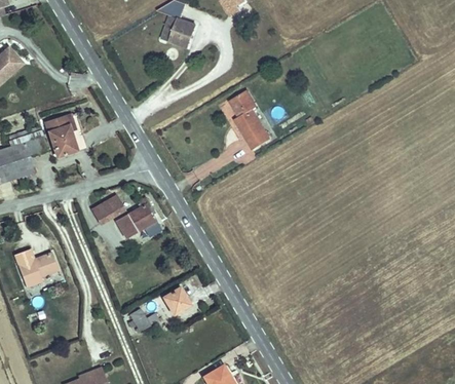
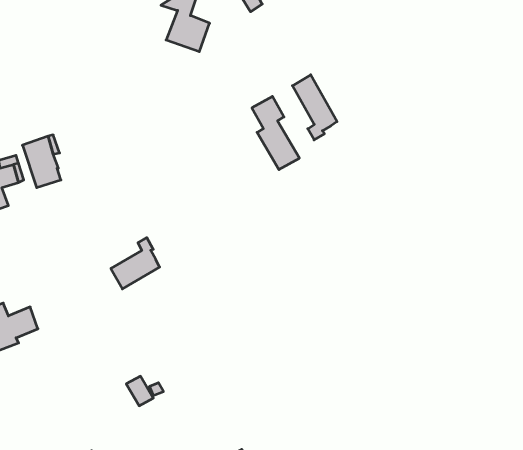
building: none -> [292,75,337,140]
building: [91,196,123,224] -> none
building: [162,287,189,315] -> none

